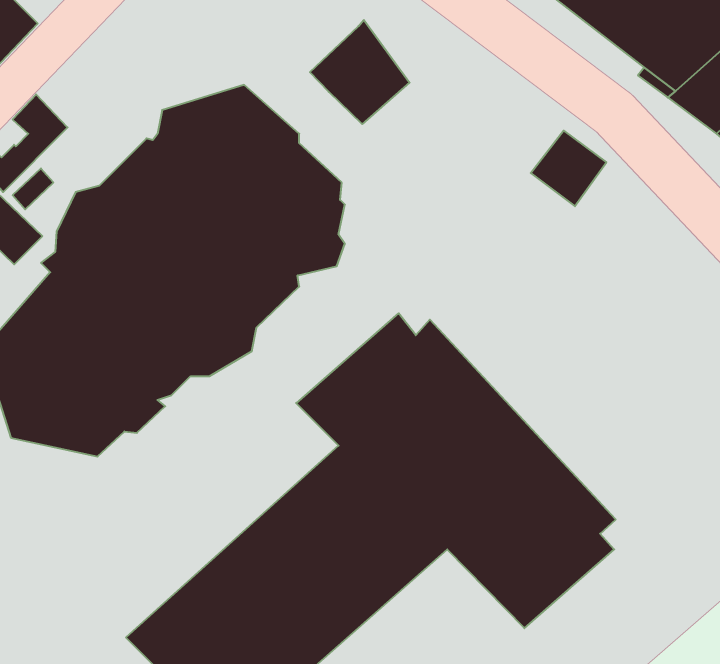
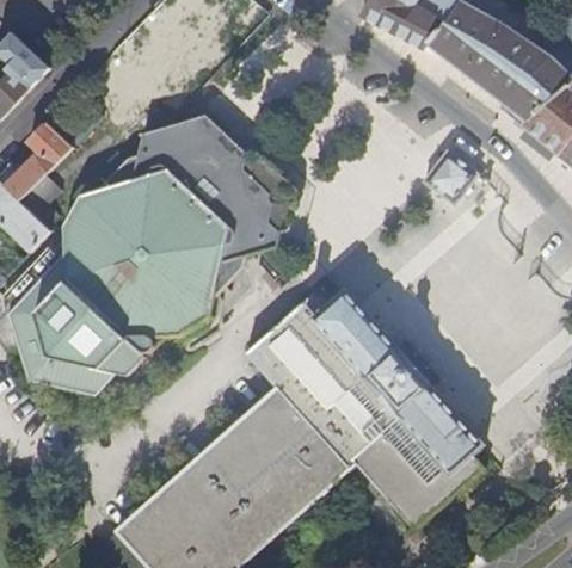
building: [310,20,410,124] -> none

